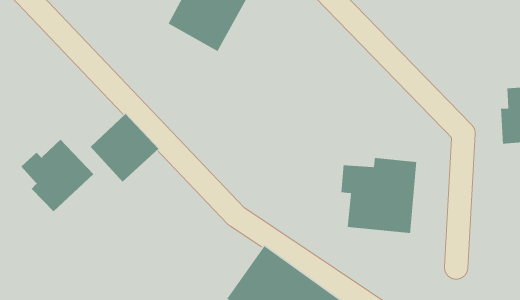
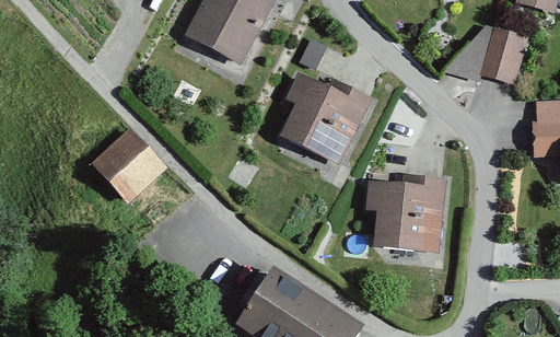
building: none -> [444,27,526,85]
building: none -> [276,74,370,167]
building: [20,139,94,212] -> none

